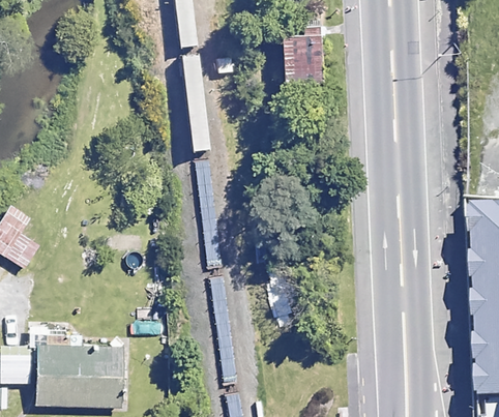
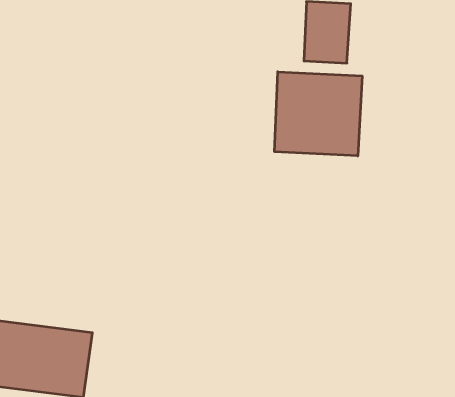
building: none -> [275,72,362,156]

